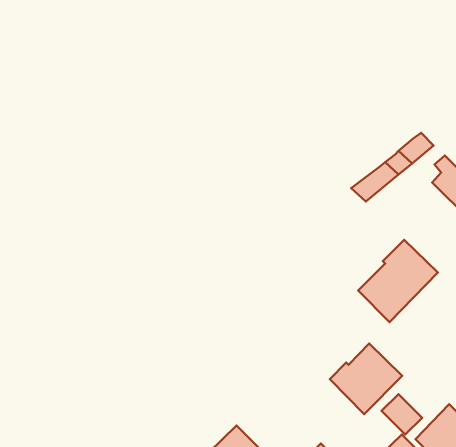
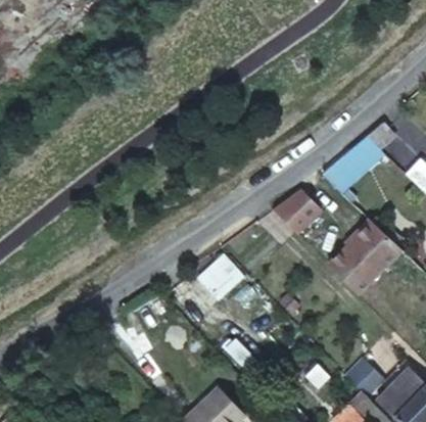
building: none -> [279,186,328,235]
building: none -> [199,250,245,296]
building: [330,343,402,414] -> none

